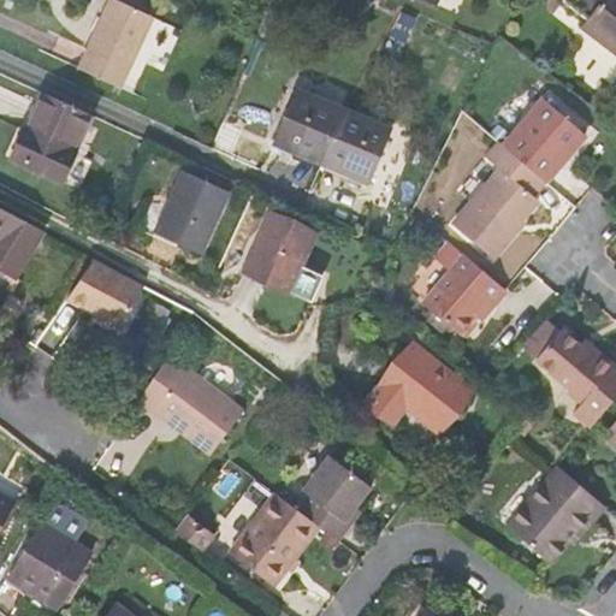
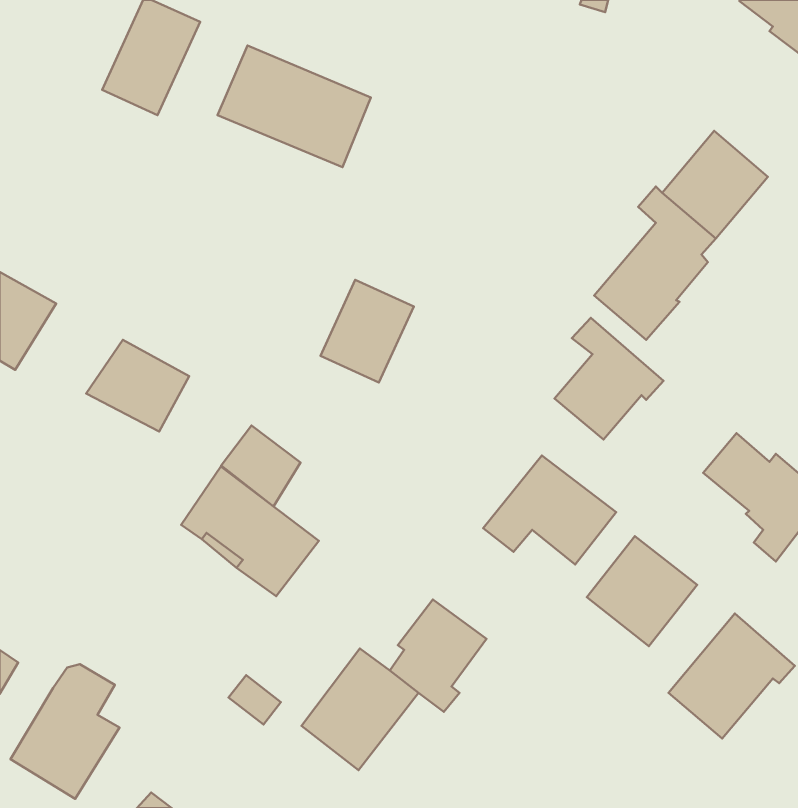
building: [274,90,391,183] -> [218,45,371,167]
building: [11,93,90,180] -> none
building: [156,173,227,251] -> none
building: none -> [221,425,301,507]
building: none -> [587,536,697,646]

